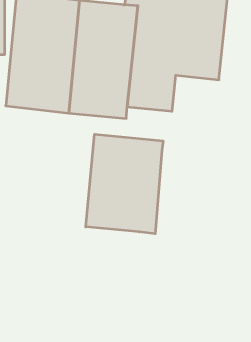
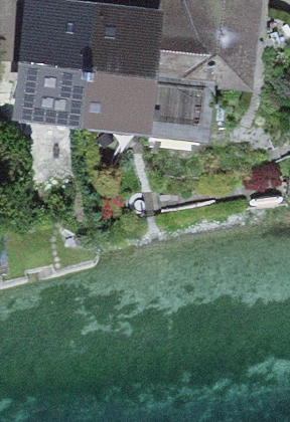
building: [86,134,163,234] -> none

